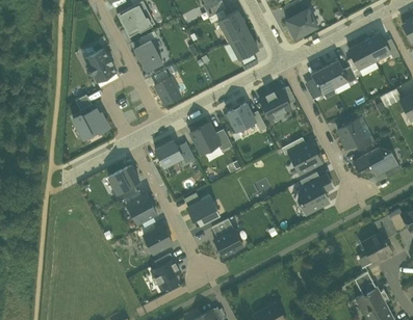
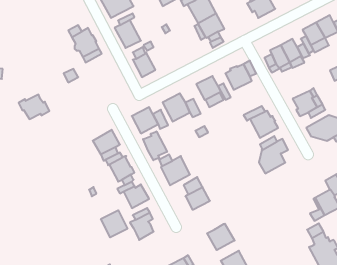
building: [73,108,108,136] -> [19,95,49,119]
building: none -> [143,131,167,160]
building: none -> [101,210,127,237]
building: none -> [207,224,235,250]

